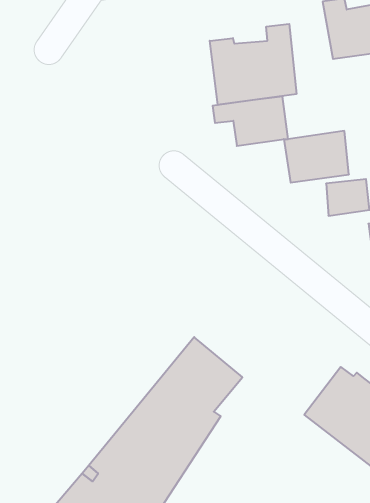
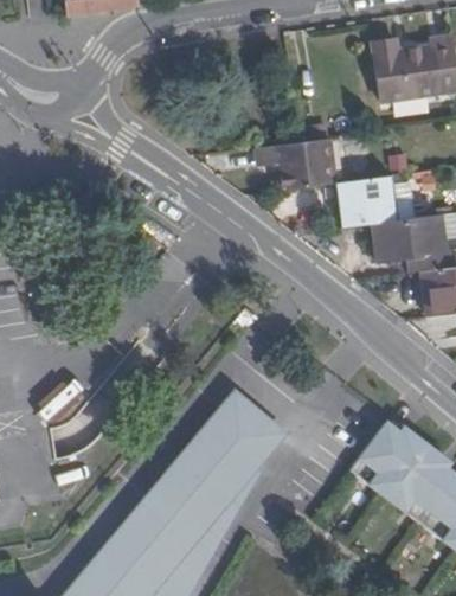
building: [210,24,296,105] -> none

